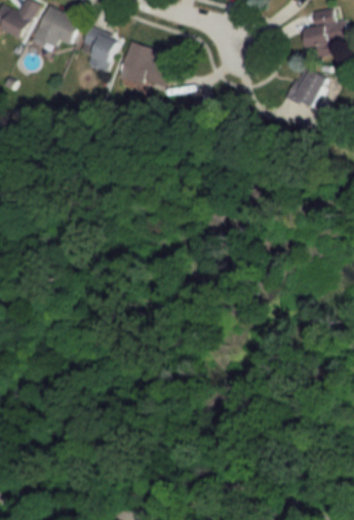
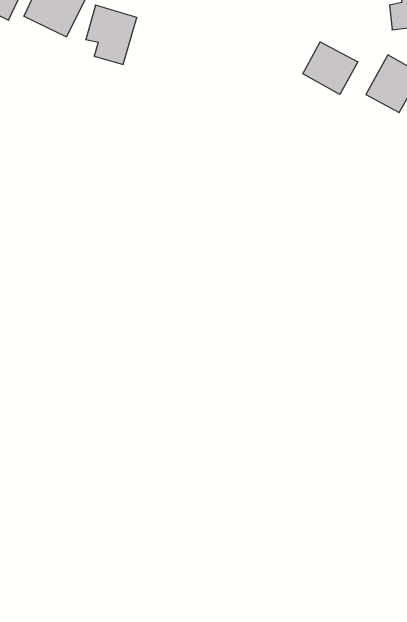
building: [120,43,172,90] -> none
building: none -> [303,42,358,94]

